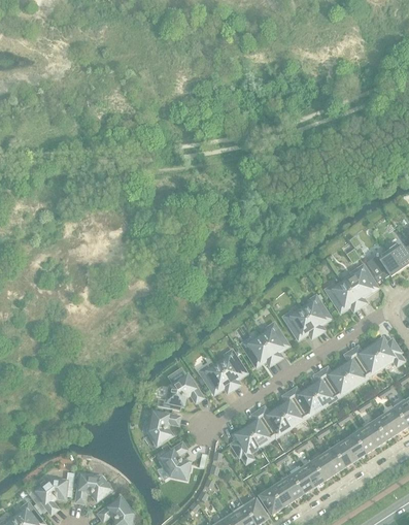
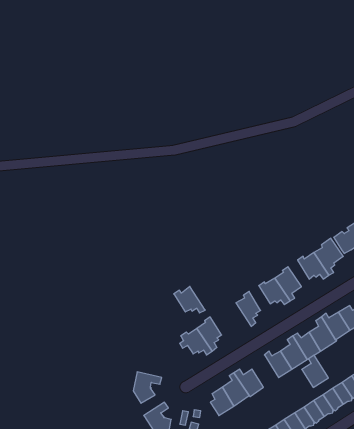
building: [241,334,275,363] -> [174,286,205,313]
building: [166,373,201,403] -> none
building: [276,391,305,426] -> [302,355,328,387]

